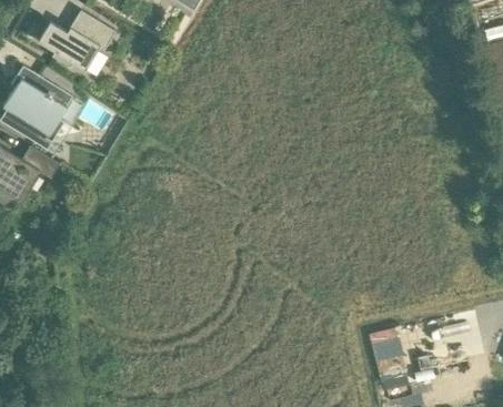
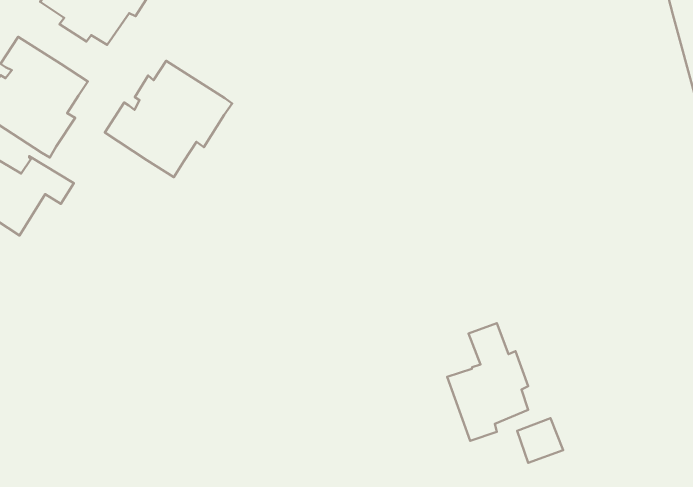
building: none -> [105,61,232,177]
building: none -> [447,323,528,441]

